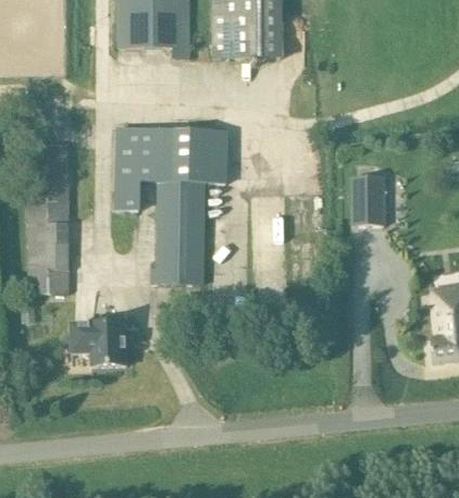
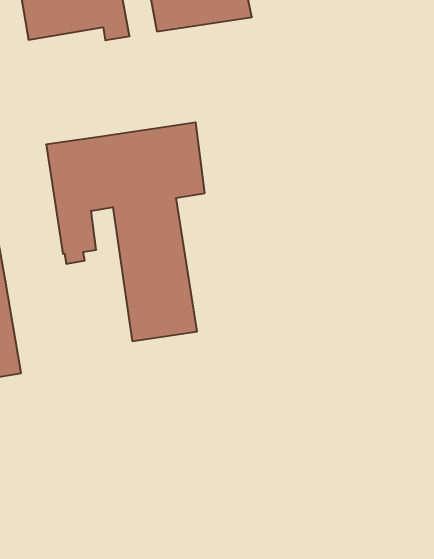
building: [351,175,384,224] -> none
building: [70,321,127,368] -> none

